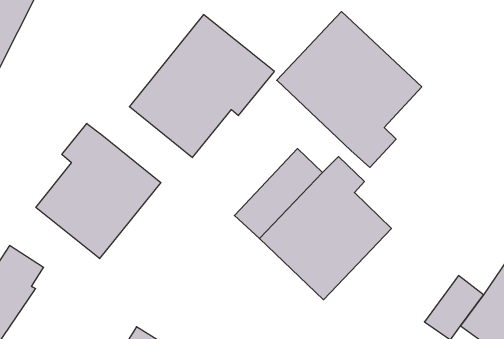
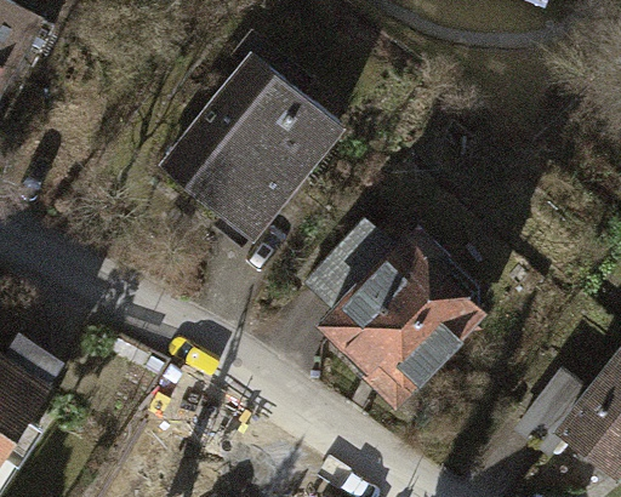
building: [277,12,422,167] -> none
building: [36,123,161,259] -> none

